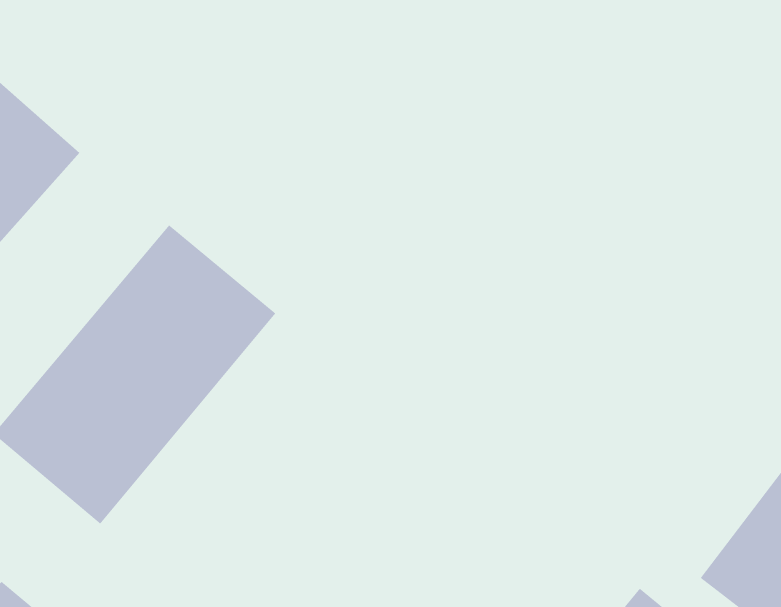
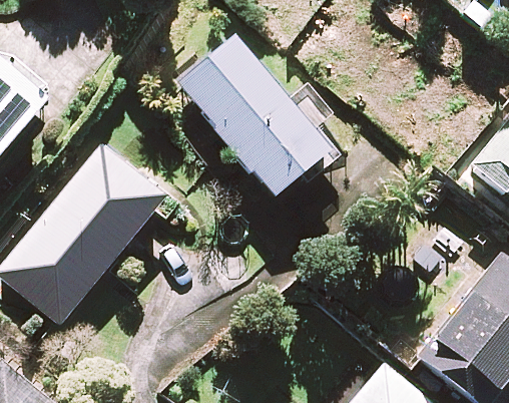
building: none -> [181,36,332,197]

